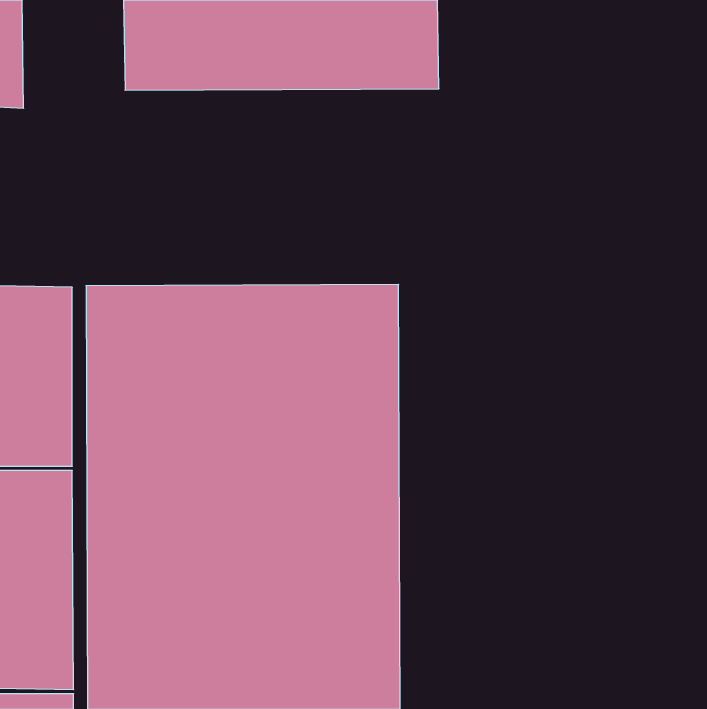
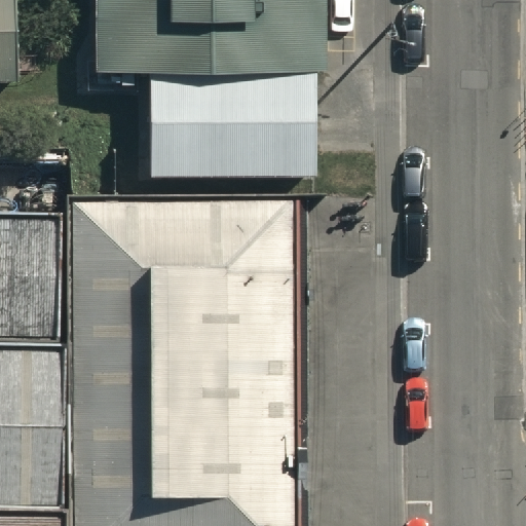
building: none -> [151,79,317,176]

